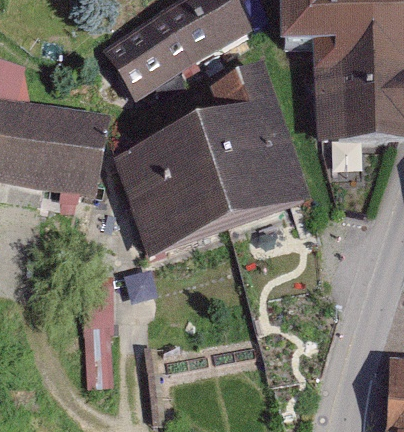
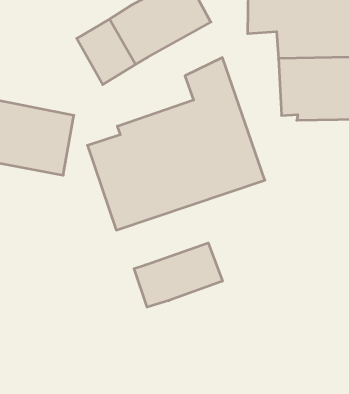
building: none -> [134,243,222,307]

